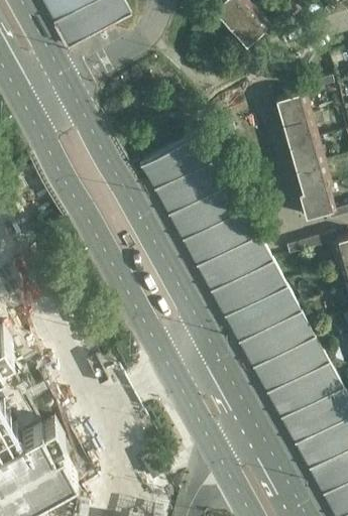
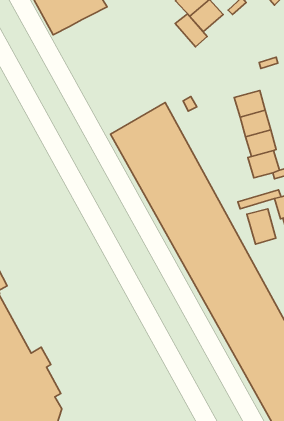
building: none -> [175,14,207,47]
building: [275,91,313,123] -> none
building: none -> [247,209,276,244]

